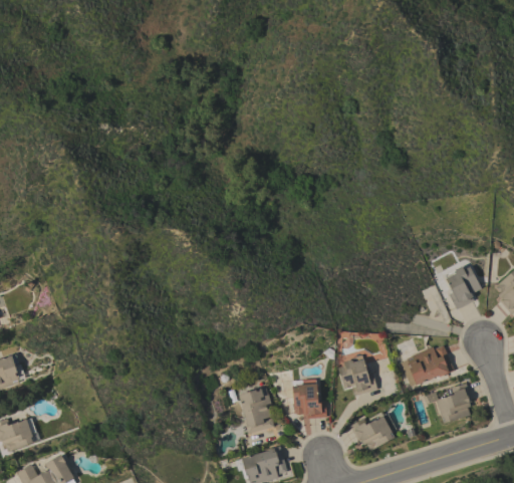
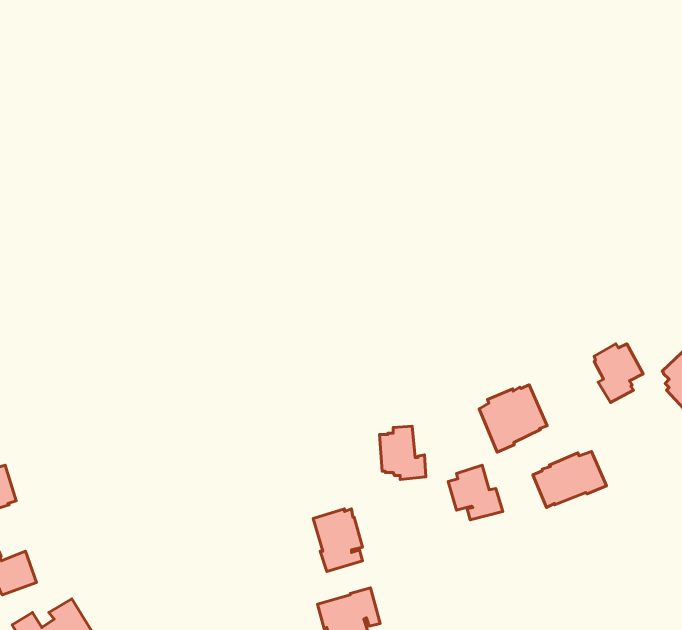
building: none -> [479,385,547,452]
building: [292,380,326,419] -> [380,426,426,479]
building: [436,383,472,424] -> none
building: [349,415,395,451] -> none

